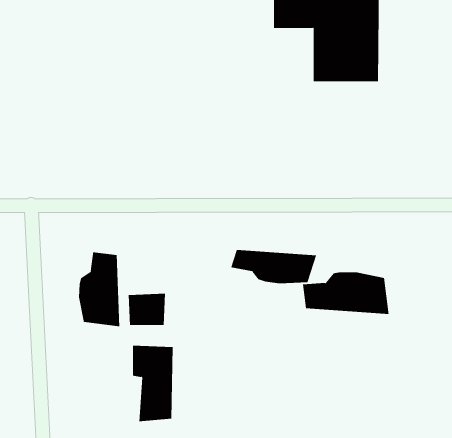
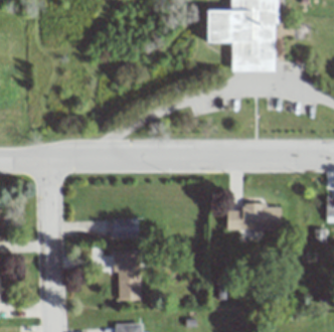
building: [230,249,317,284] -> none
building: [78,251,120,327] -> none

